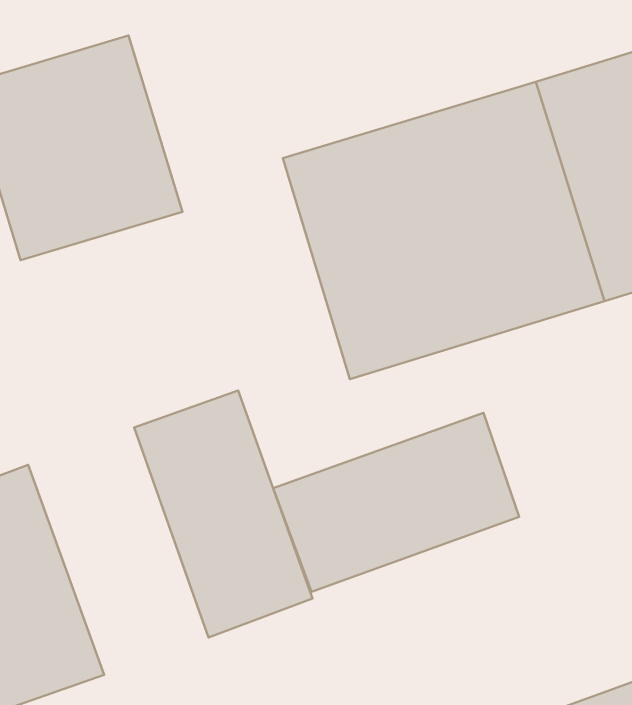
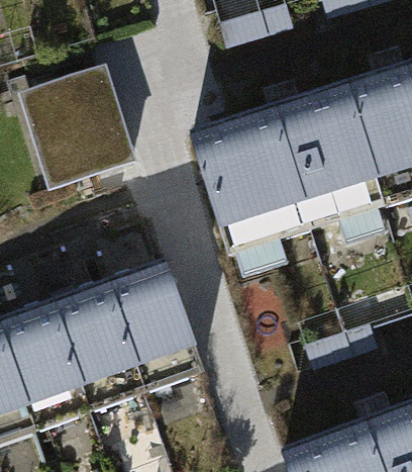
building: [273,413,519,592] -> none
building: none -> [53,276,150,410]

